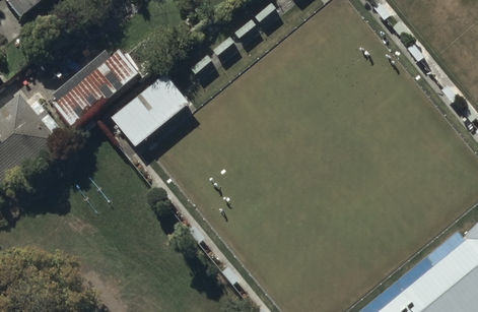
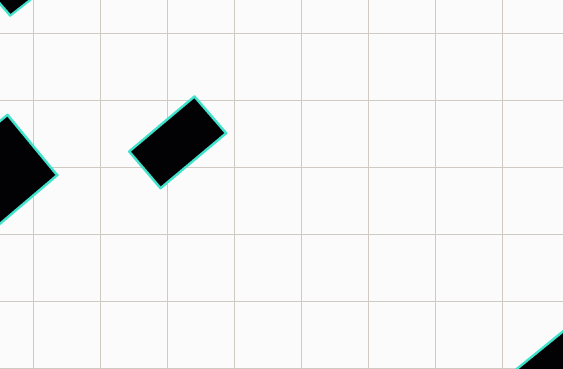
building: [50,45,137,125] -> none

